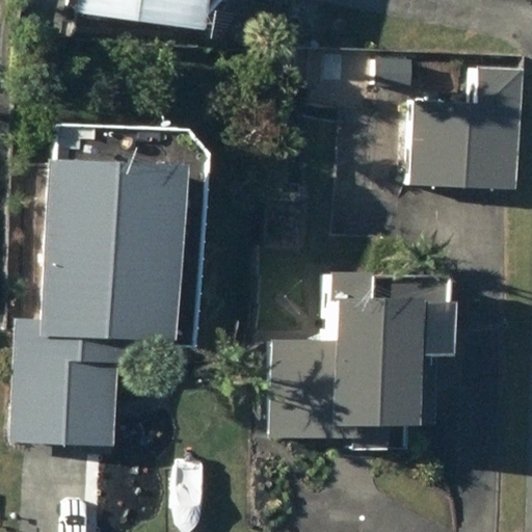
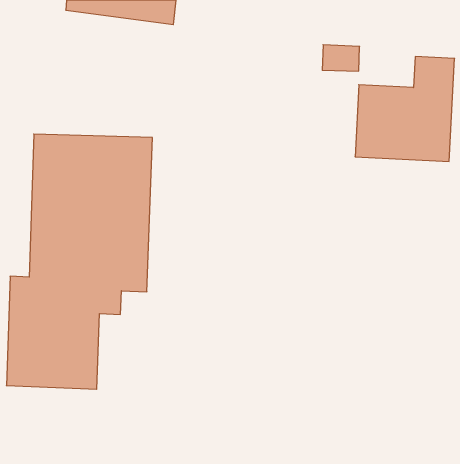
building: [274,263,447,445] -> none

